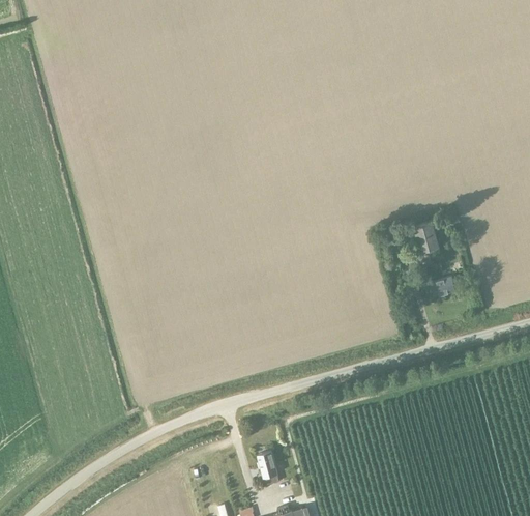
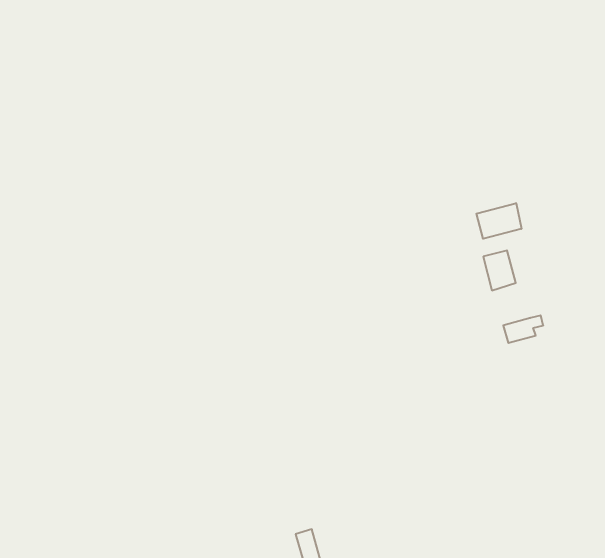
building: none -> [476,203,521,239]

